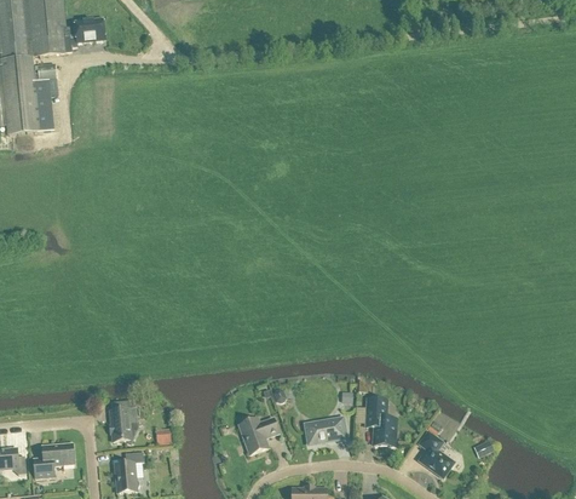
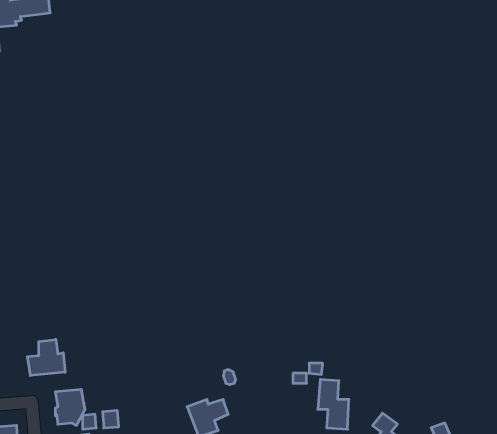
building: none -> [27,339,65,376]
building: [305,417,344,442] -> none

